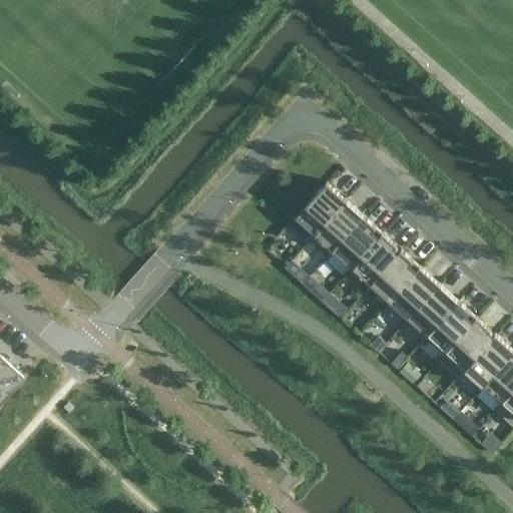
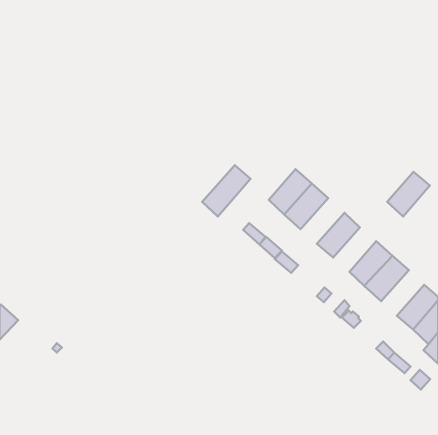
building: [289,185,345,245] -> [202,165,250,217]
building: [352,235,402,289] -> none
building: [389,270,439,322] -> [387,172,430,216]
building: [445,320,495,373] -> none

